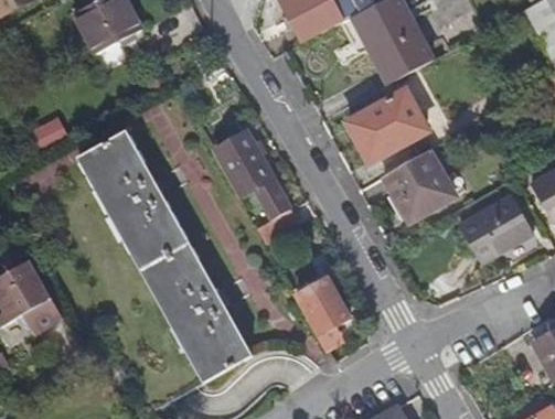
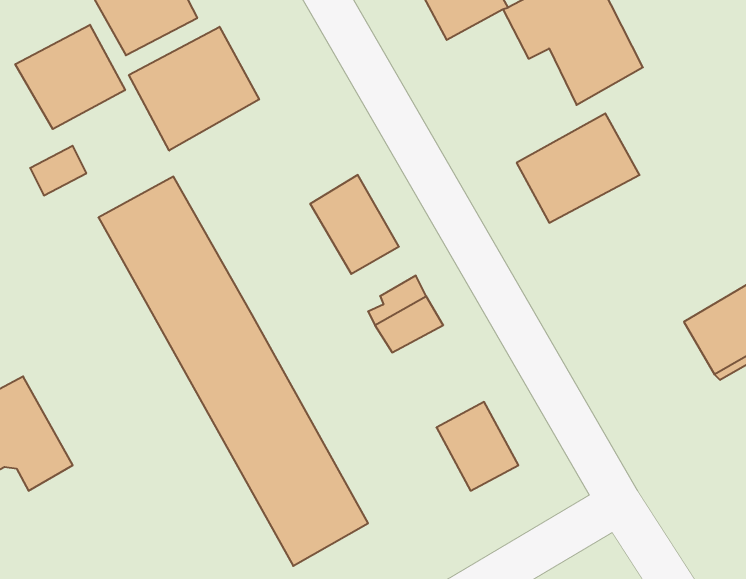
building: none -> [15,25,125,129]
building: none -> [129,27,259,151]
building: [384,150,455,222] -> none

